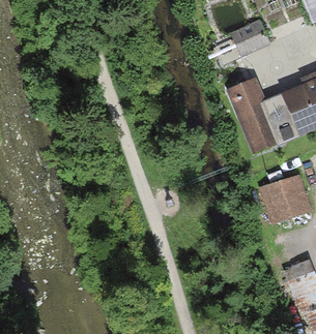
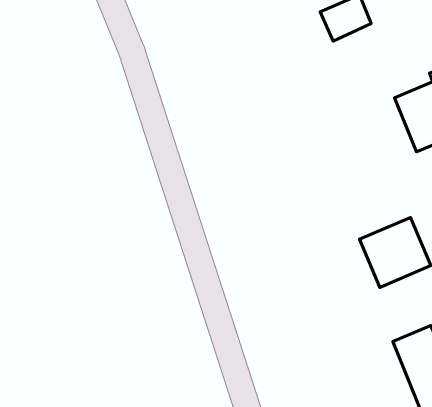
building: [229,77,297,149] -> none

